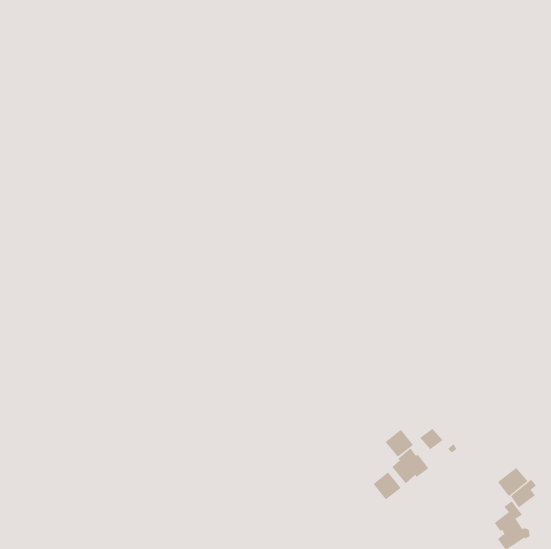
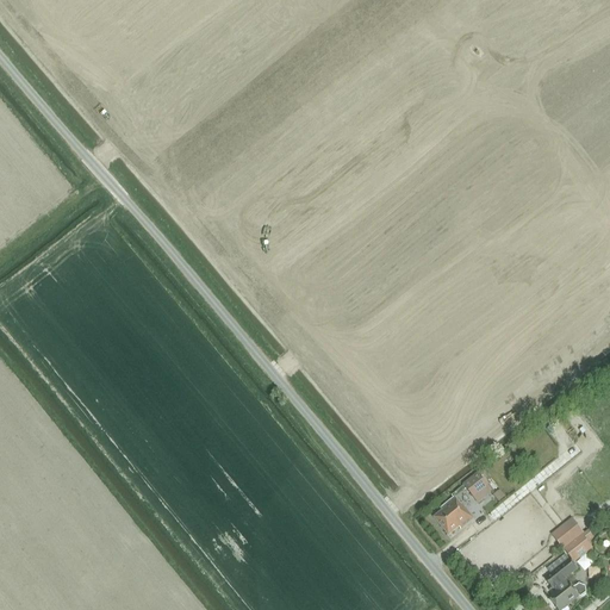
building: [385,429,414,458] -> none
building: [373,471,401,500] -> none

